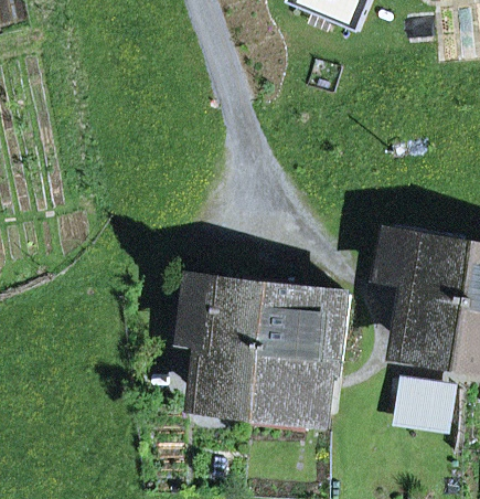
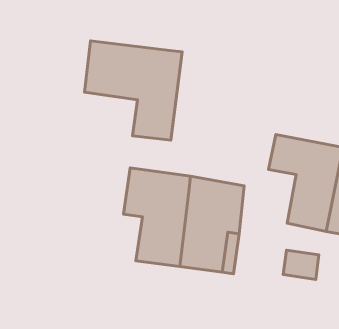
building: none -> [84,41,182,140]

